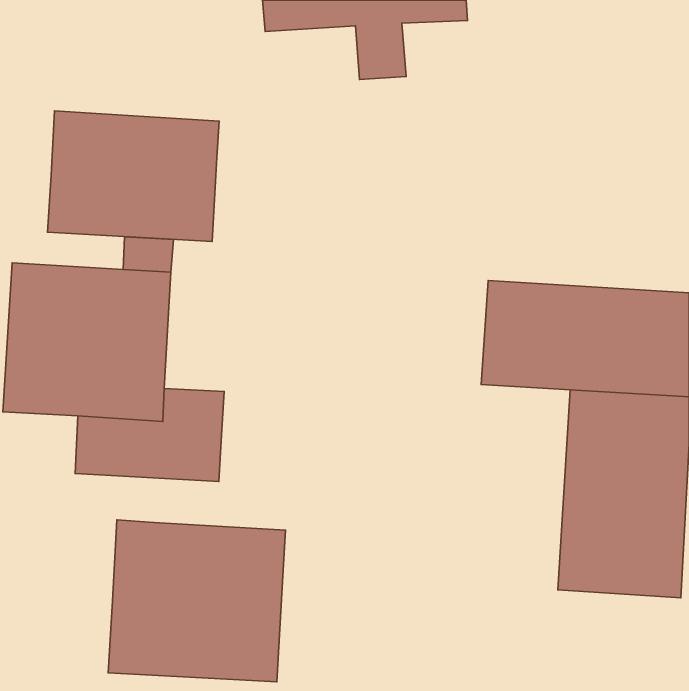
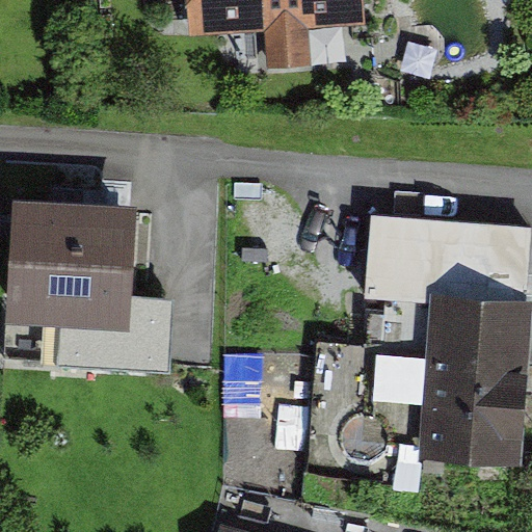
building: [47,111,219,242] -> none
building: [108,520,286,682] -> none

